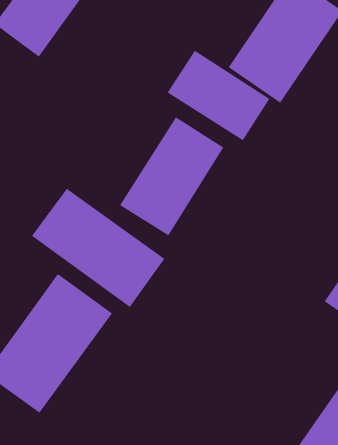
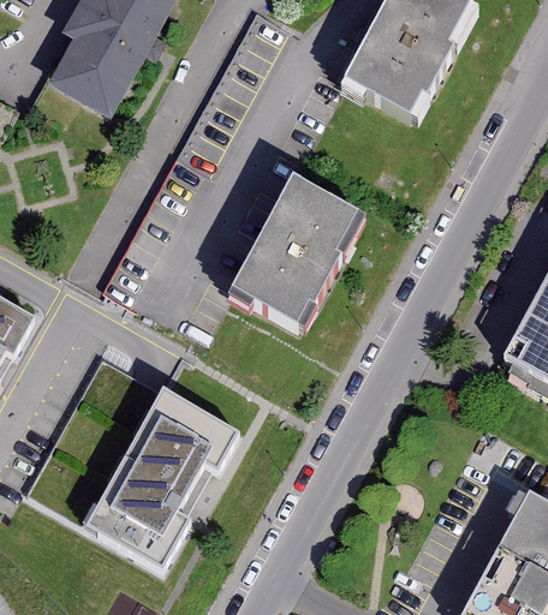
building: [167,50,270,141] -> none
building: [31,188,165,308] -> none

